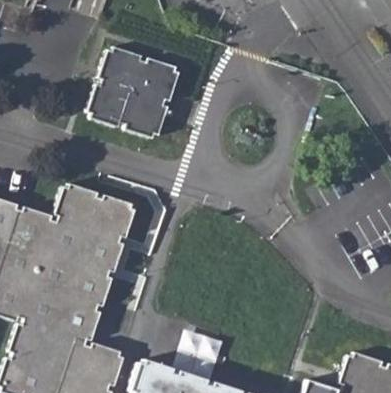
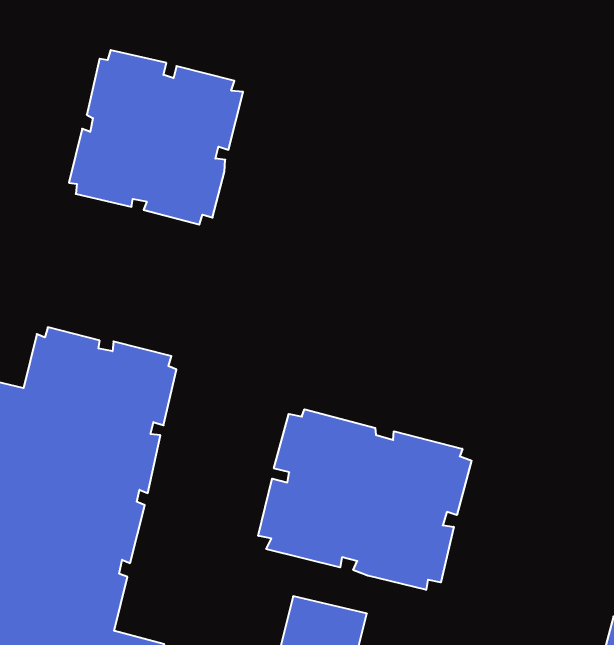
building: none -> [258,409,472,590]

